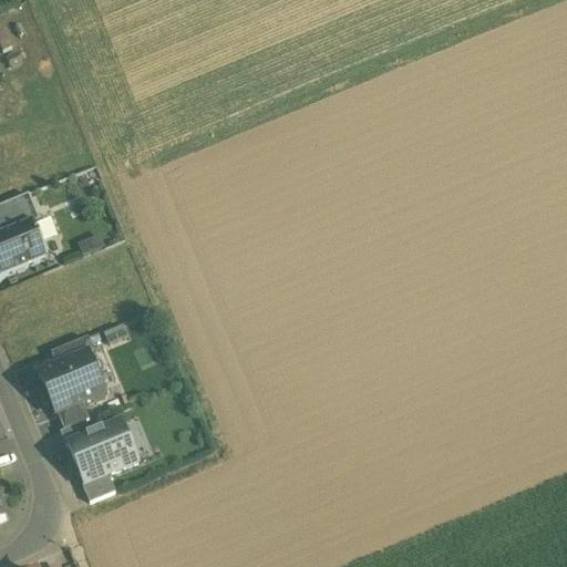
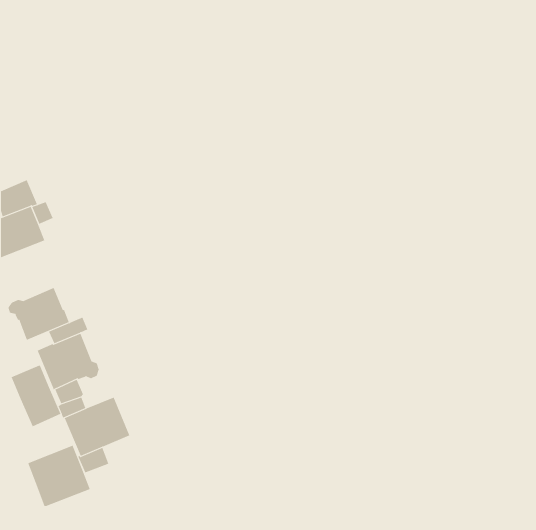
building: none -> [8,287,70,341]
building: none -> [11,365,61,427]
building: none -> [28,445,90,507]

